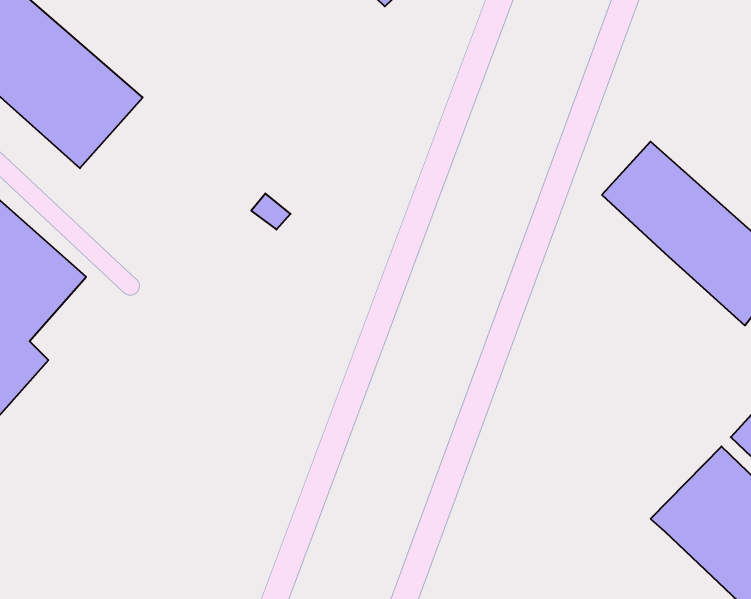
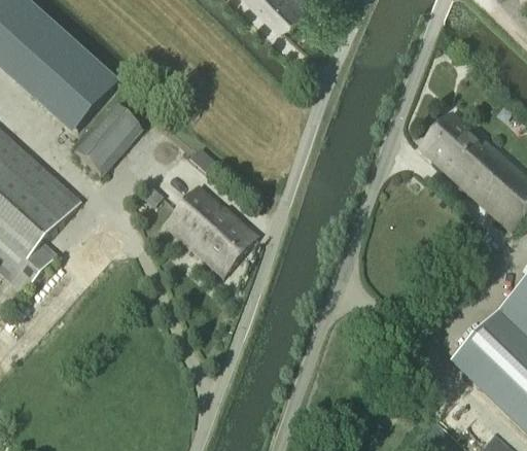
building: none -> [72,103,141,174]
building: none -> [165,183,256,275]

